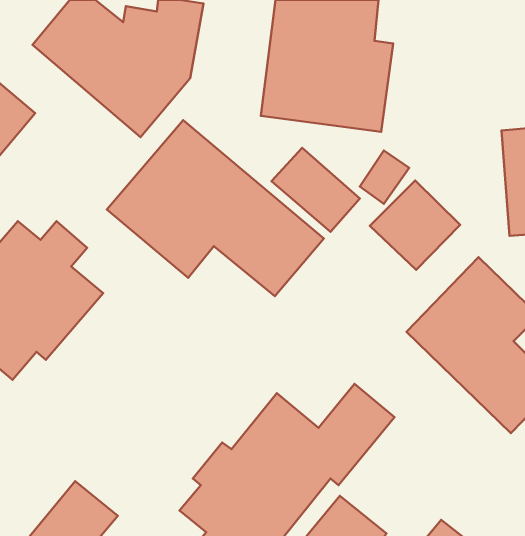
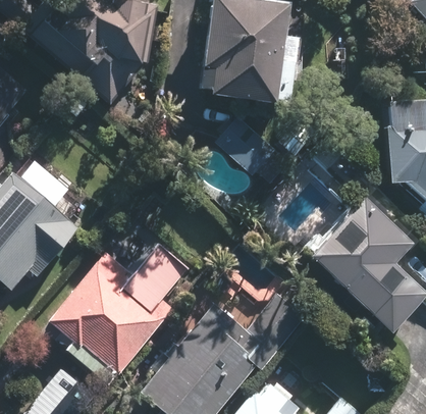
building: [107,120,324,296] -> none
building: [370,180,460,270] -> none
building: none -> [48,243,189,385]

